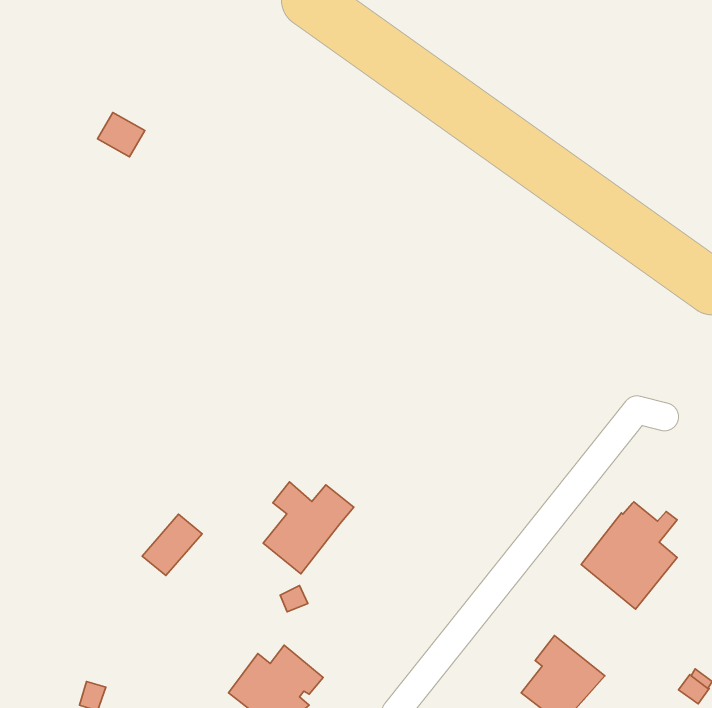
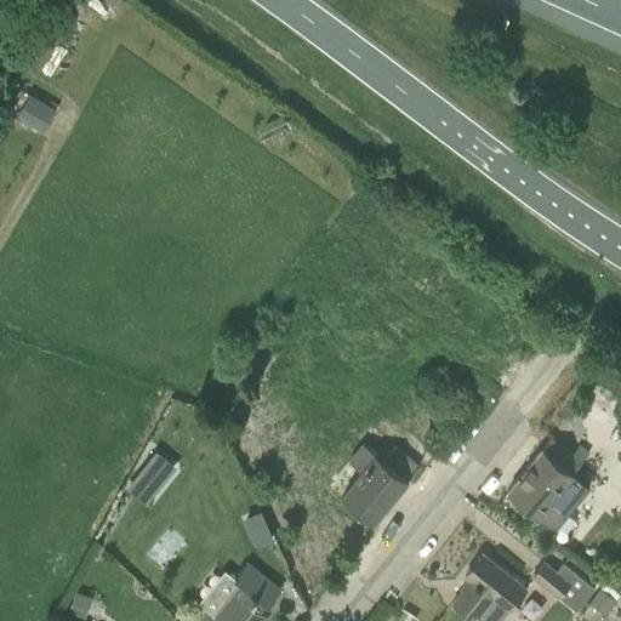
building: [98,112,145,157] -> [16,97,57,136]
building: [263,482,354,574] -> [342,446,421,526]
building: none -> [534,565,596,614]

